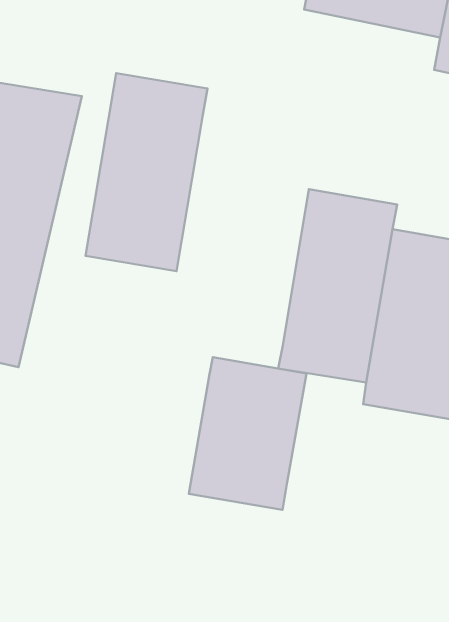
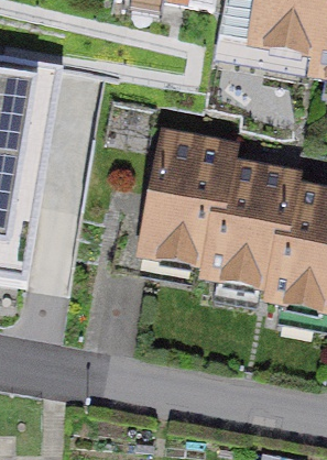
building: [85,73,207,271] -> [138,121,225,262]
building: [189,357,307,510] -> none

